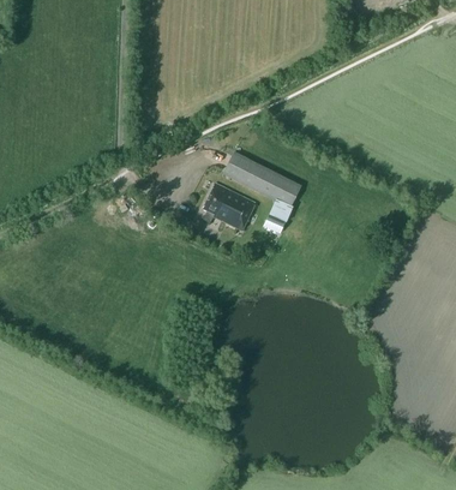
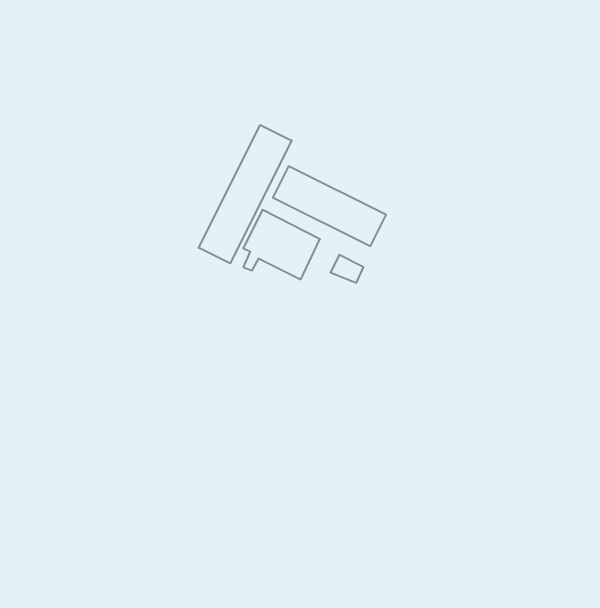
building: none -> [199,125,292,263]

